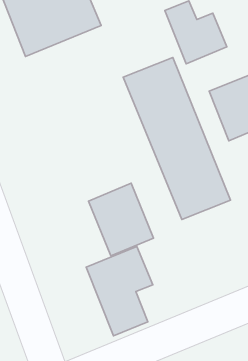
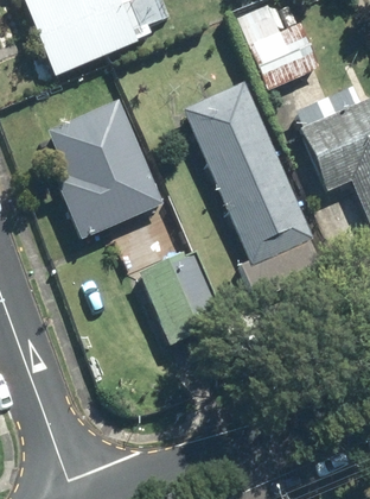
building: none -> [46,99,162,240]
building: [86,247,153,336] -> none

